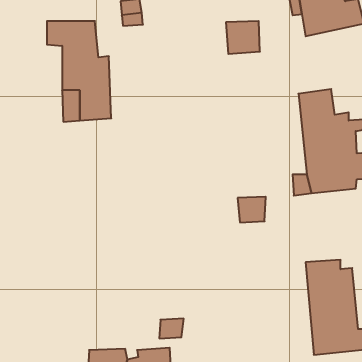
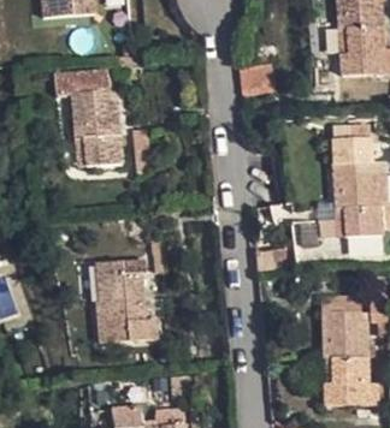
building: none -> [91,255,155,341]

